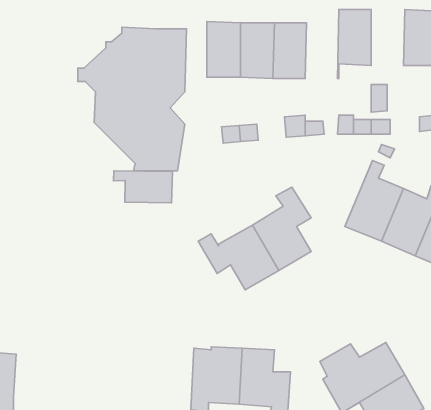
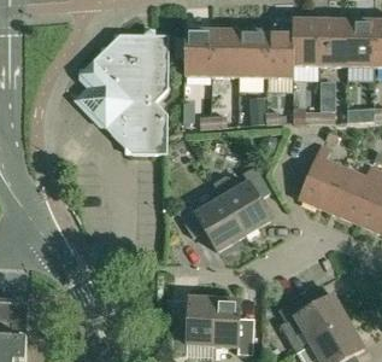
building: none -> [265,19,293,76]
building: none -> [319,19,347,65]
building: [113,171,172,203] -> none

